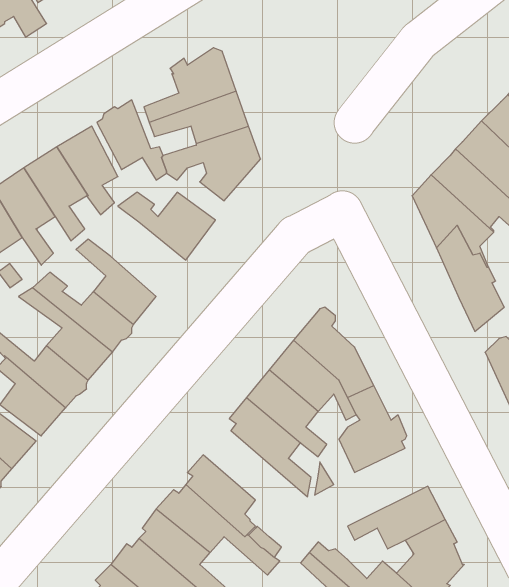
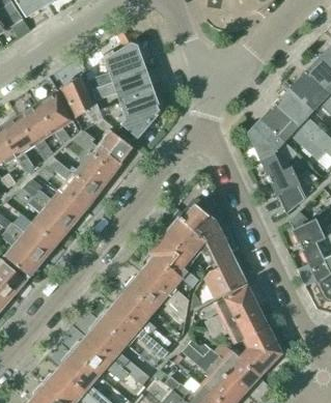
building: none -> [70,148,114,193]
building: none -> [125,272,187,321]
building: none -> [206,286,258,329]

